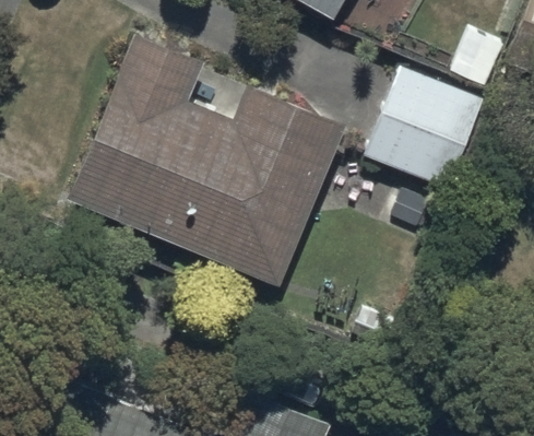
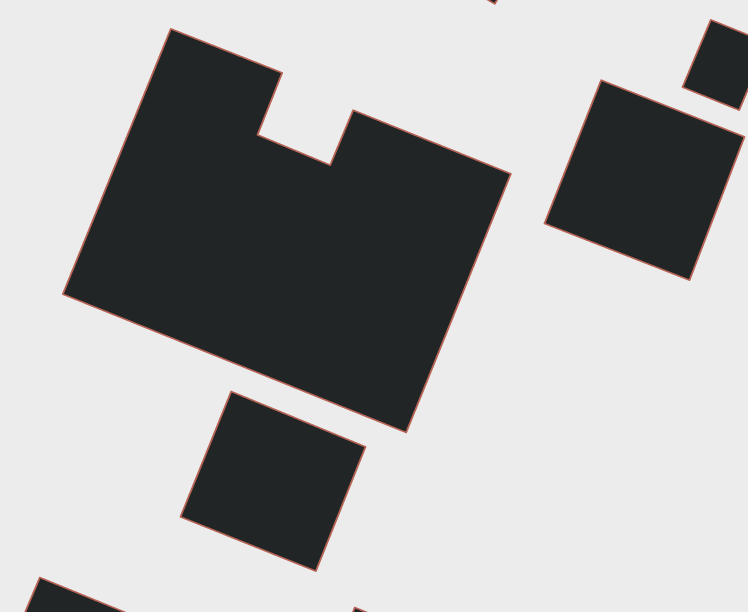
building: none -> [180,392,365,571]

